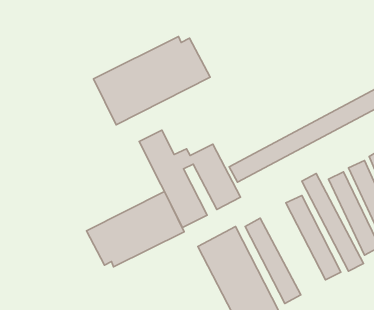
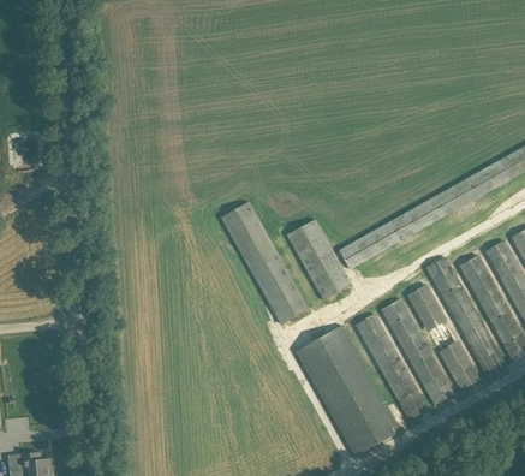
building: [93,36,210,125] -> none
building: [86,192,184,267] -> none
building: none -> [382,298,451,407]

